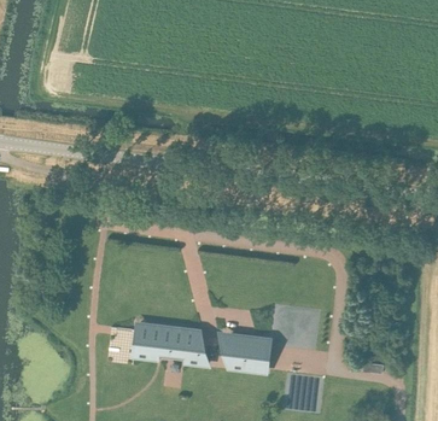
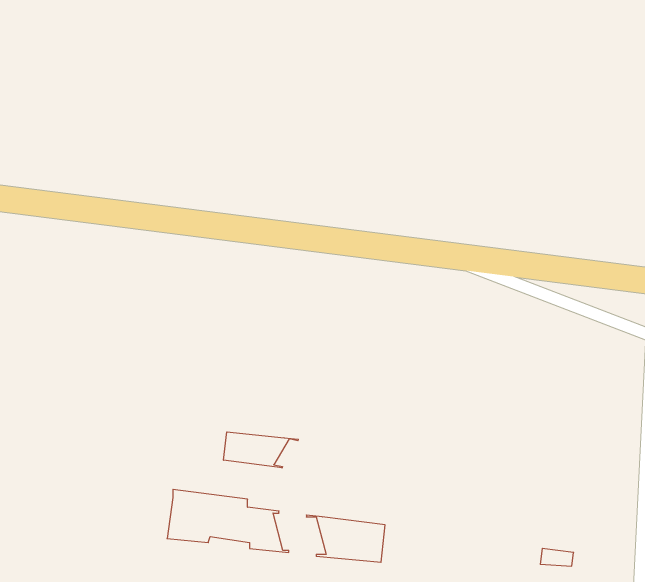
building: none -> [224,432,298,468]

